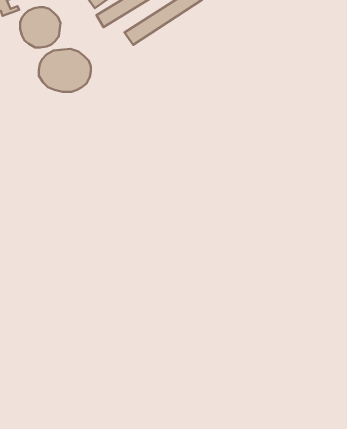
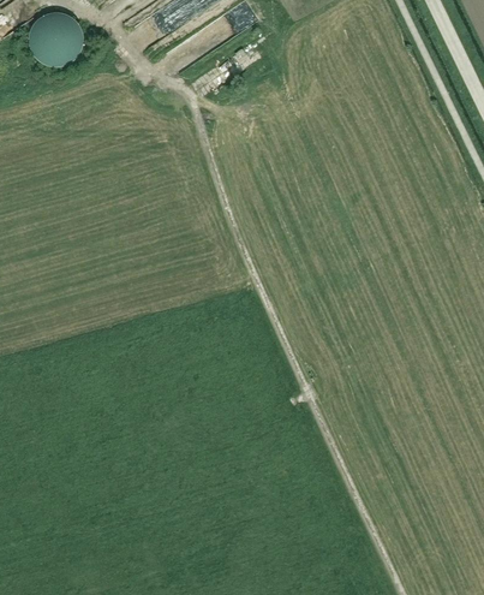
building: [39,49,91,92] -> none

